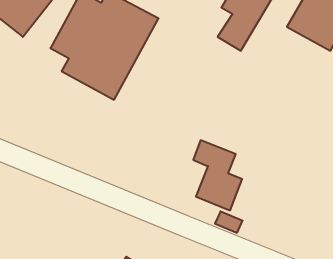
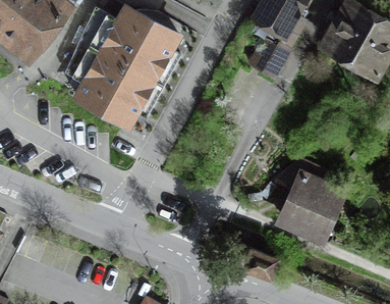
building: [193,140,242,210] -> [281,157,335,235]

